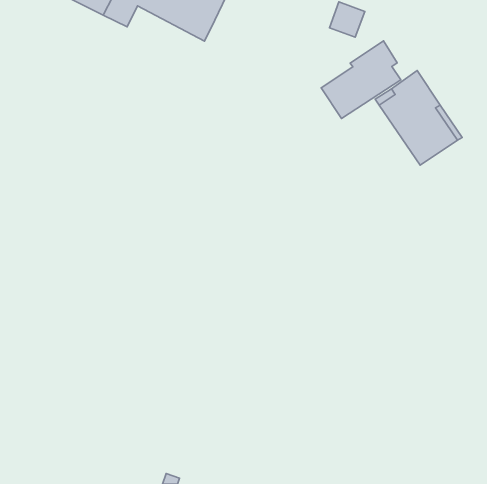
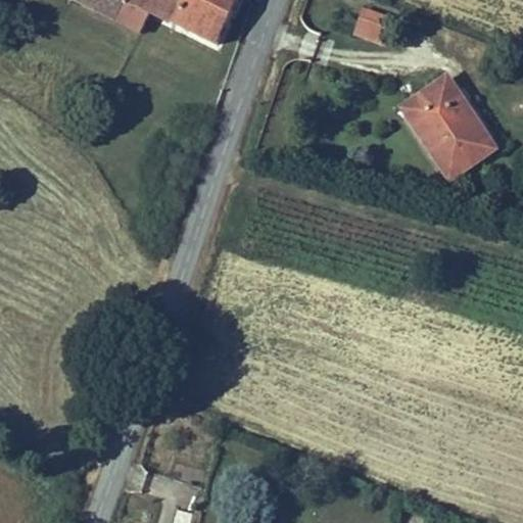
building: [321,41,401,118] -> none

